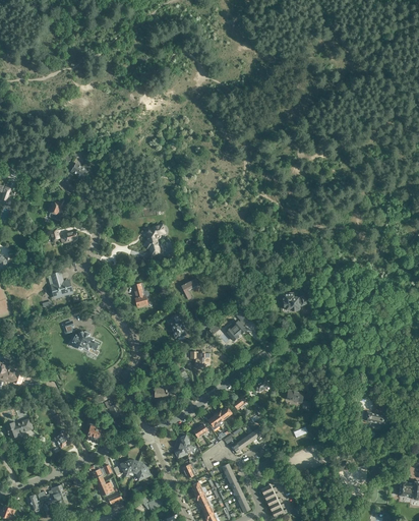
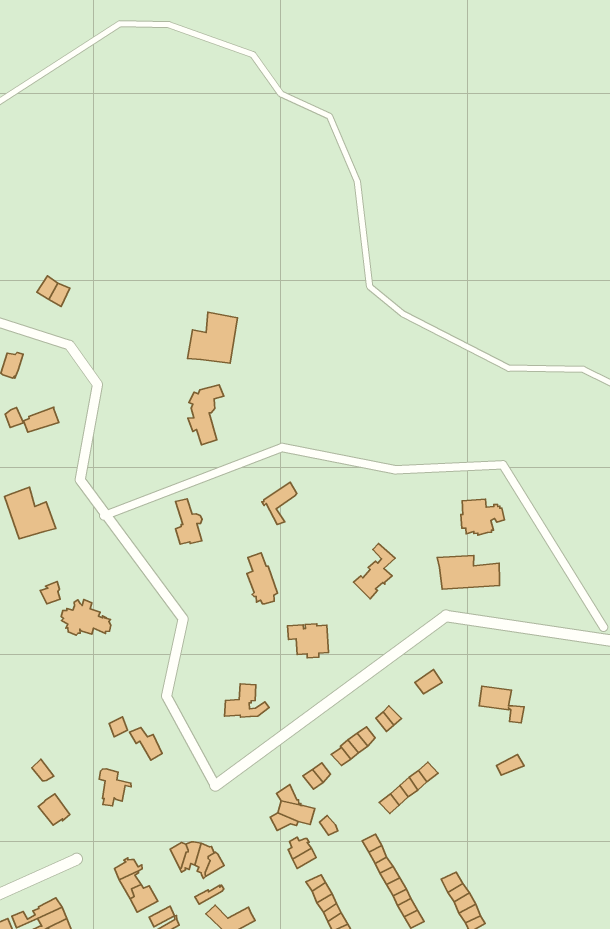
building: none -> [187,312,237,363]
building: none -> [437,556,499,589]

